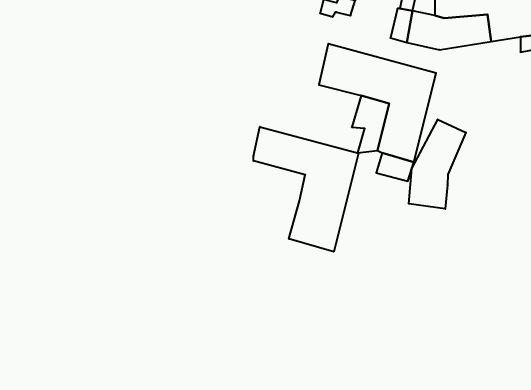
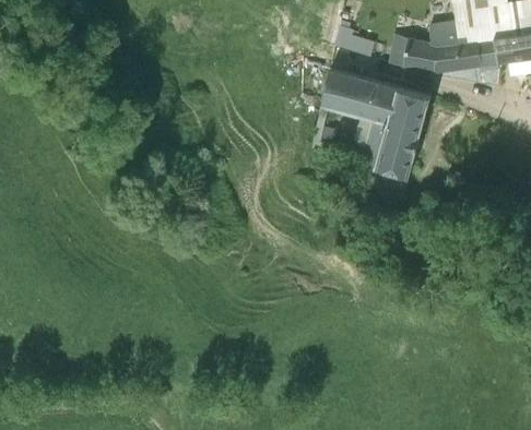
building: [409,119,466,209] -> none
building: [253,127,358,252] -> none

